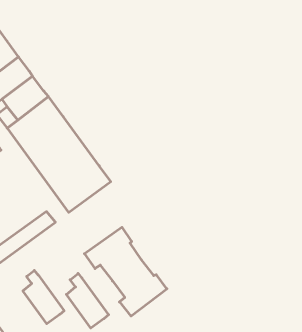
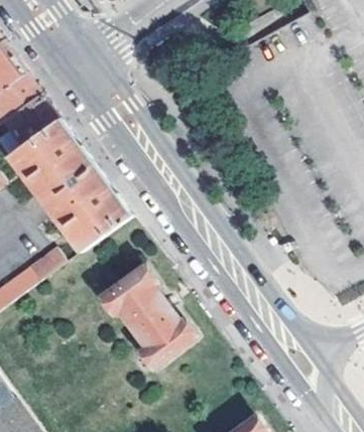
building: [23,270,64,324] -> none
building: [66,273,109,328] -> none

